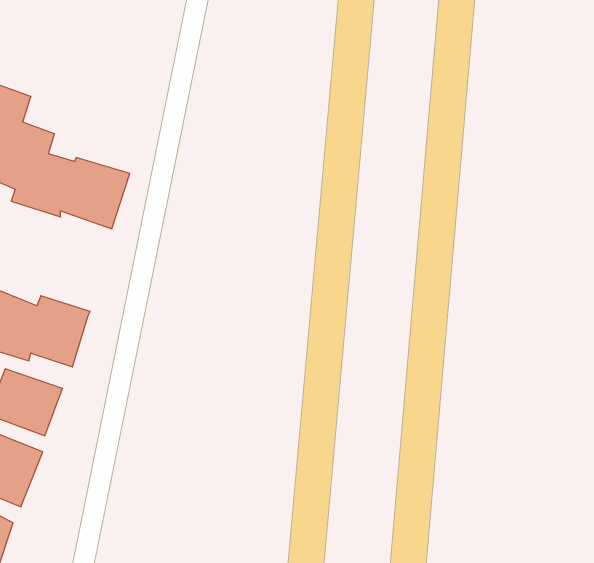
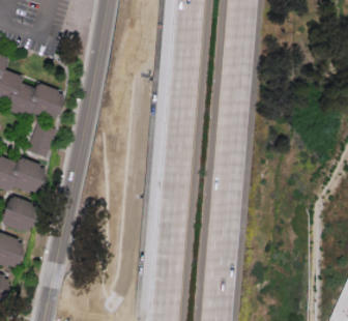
building: none -> [29,123,57,158]

